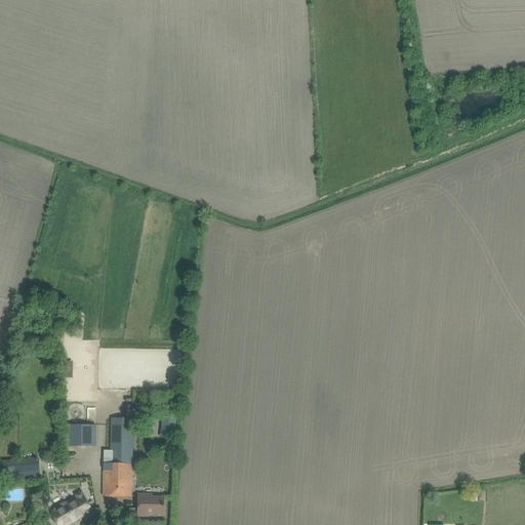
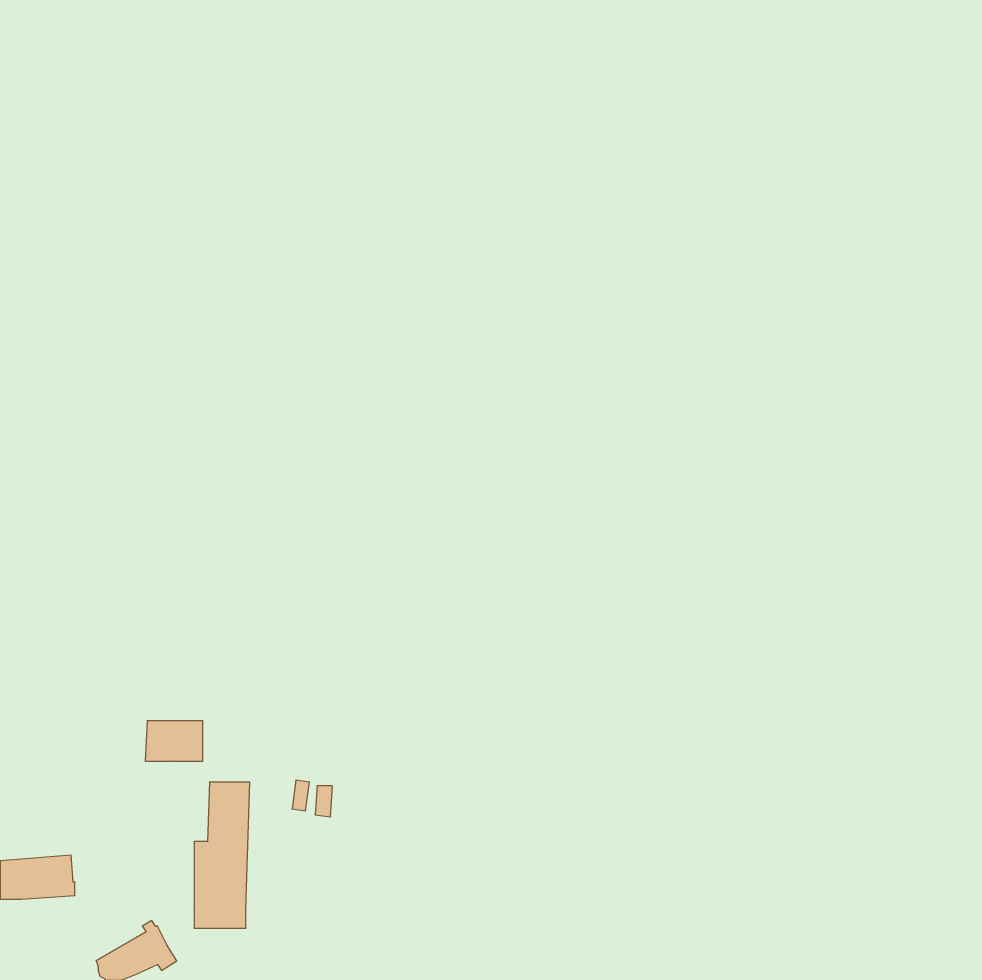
building: [65,423,95,445] -> [145,721,203,761]
building: [137,493,163,515] -> none

